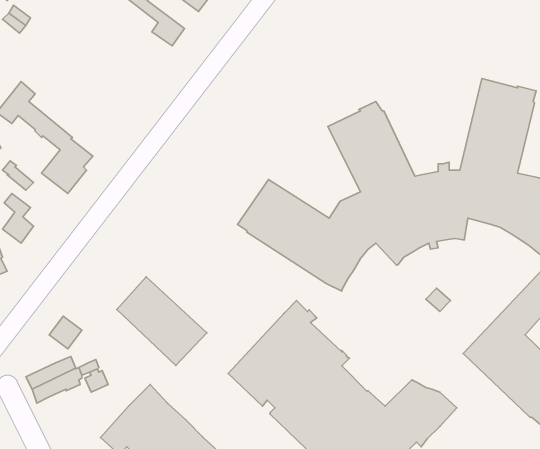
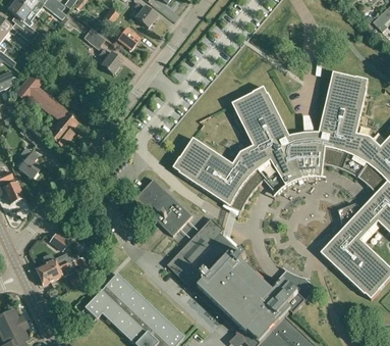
building: none -> [83,28,122,75]
building: [117,277,207,365] -> [134,179,193,237]

